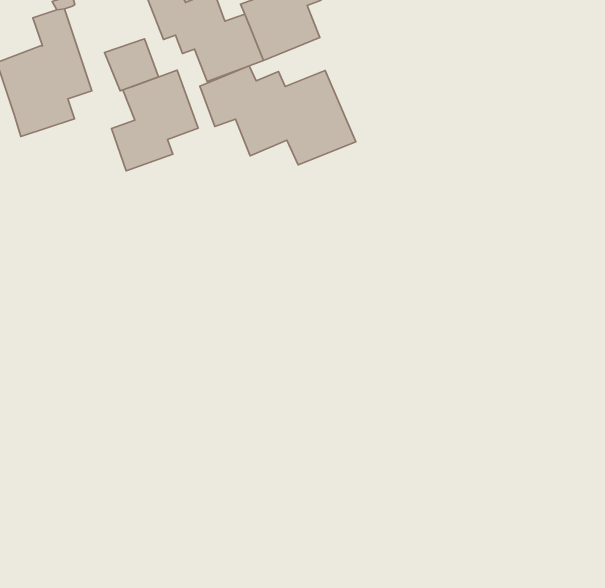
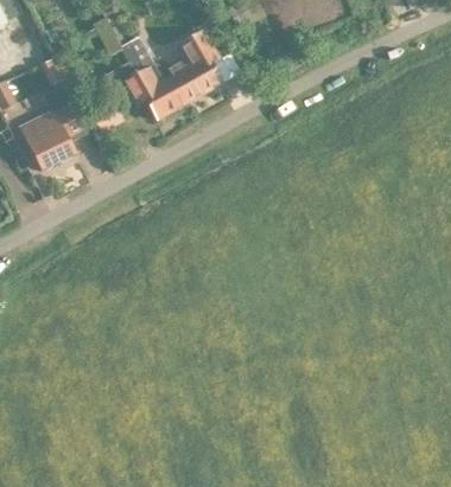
building: [200,66,356,165] -> none
building: [112,70,198,171] -> none

